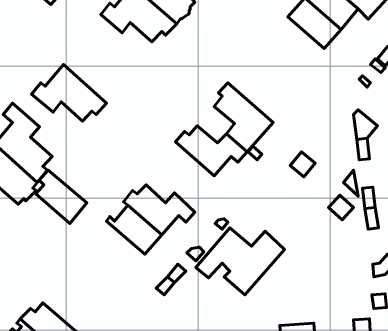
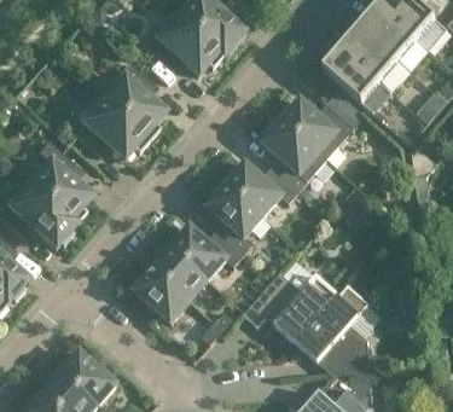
building: none -> [323,51,391,121]
building: none -> [103,60,164,139]
building: none -> [278,99,354,159]
building: none -> [208,180,263,255]
building: [36,170,87,223] -> [135,265,190,321]
building: none -> [296,284,370,376]

